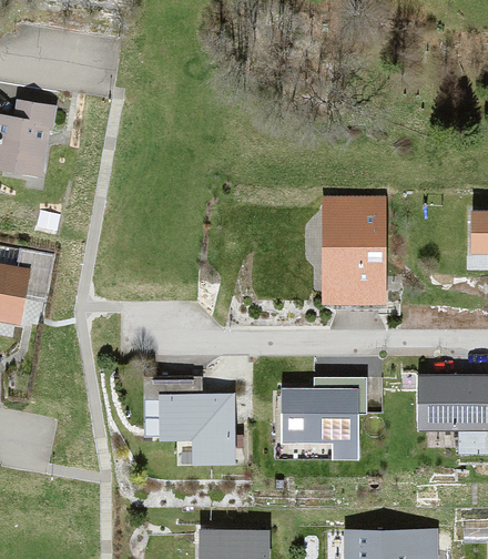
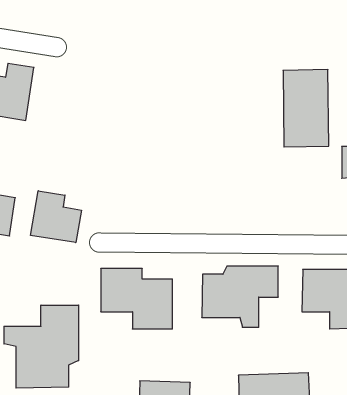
building: [323,196,385,302] -> [283,70,329,147]
building: none -> [31,191,81,243]
building: none -> [4,305,79,388]

